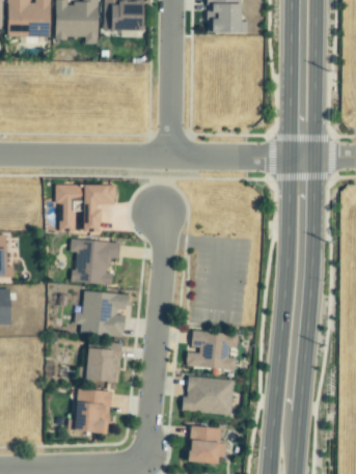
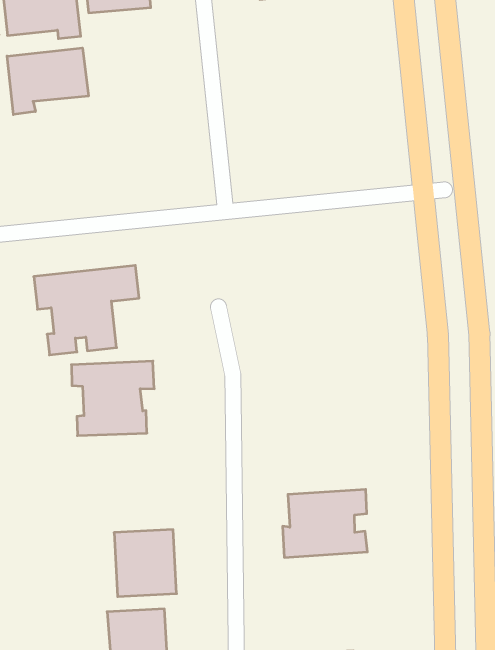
building: none -> [7,48,88,115]
building: [75,290,127,336] -> none
building: [185,377,234,413] -> none

